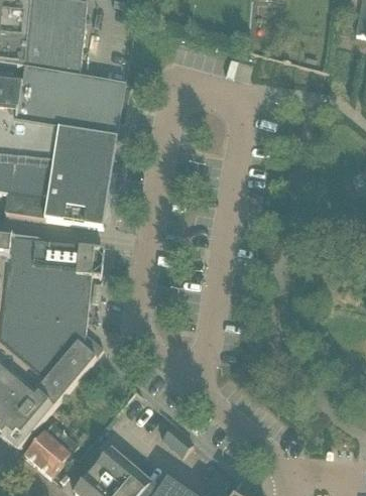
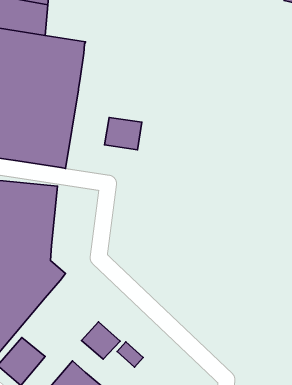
building: none -> [104,118,142,150]
building: none -> [82,322,120,359]

